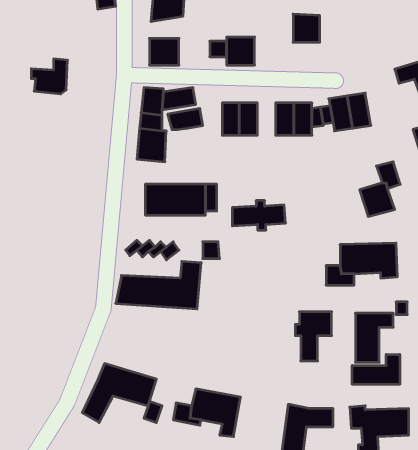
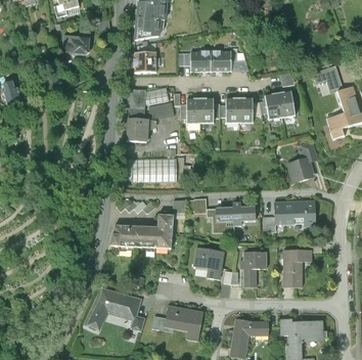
building: [293,14,320,42] -> [211,50,230,71]
building: [31,59,68,94] -> [62,29,89,54]
building: [232,201,286,230] -> [216,202,255,224]
building: none -> [194,248,223,277]
building: [352,354,400,384] -> none

